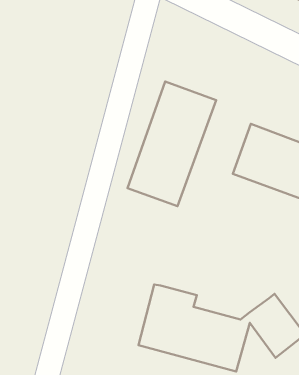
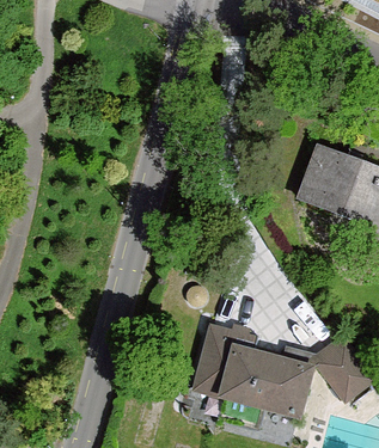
building: [127,81,216,206] -> none

